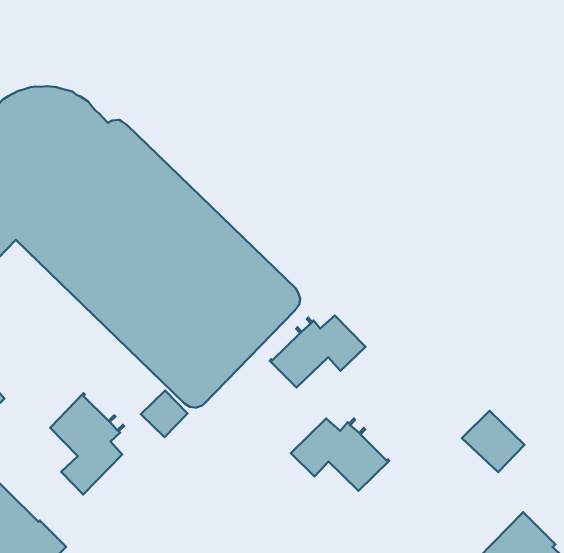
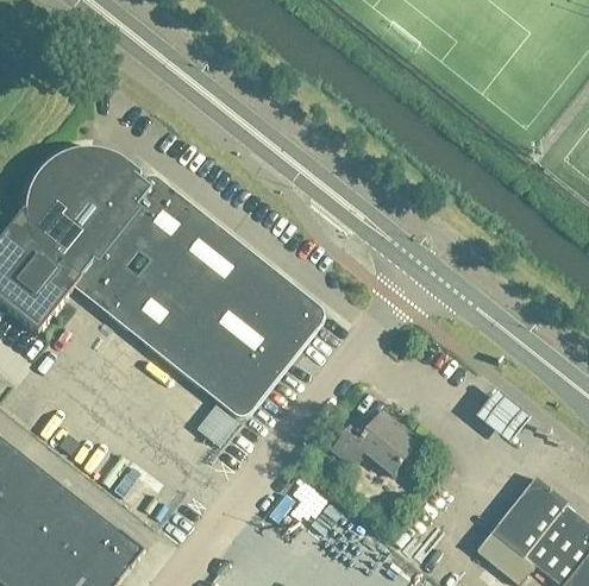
building: [270,316,365,387] -> none
building: [50,393,124,494] -> none

